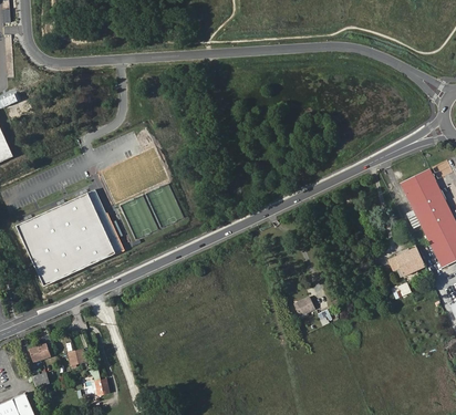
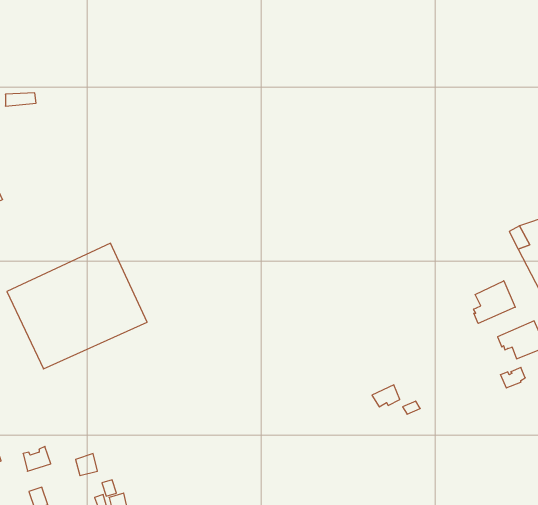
building: none -> [474,281,515,323]

